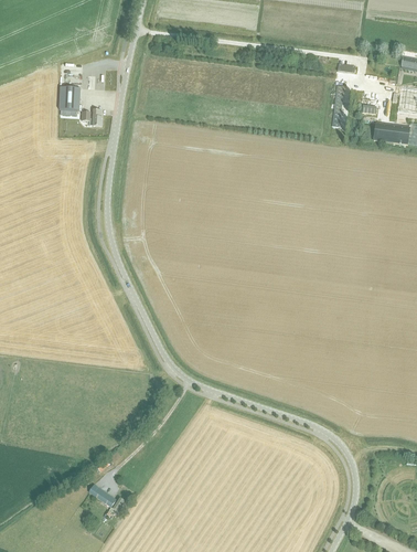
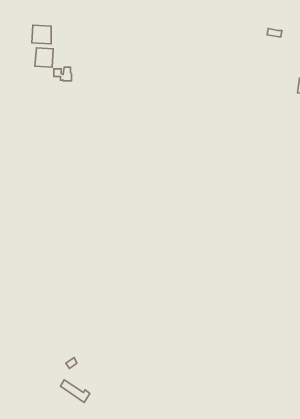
building: none -> [32,25,51,44]

